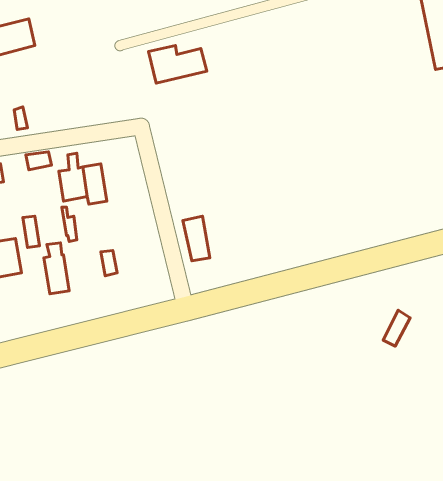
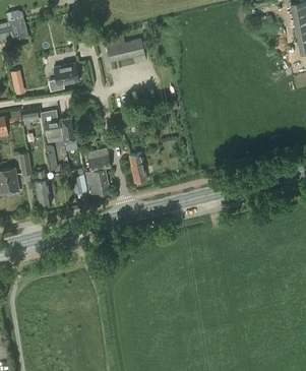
building: none -> [53,63,78,85]
building: none -> [85,148,110,195]

